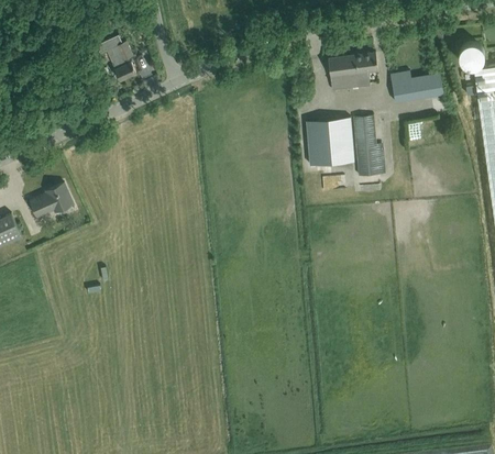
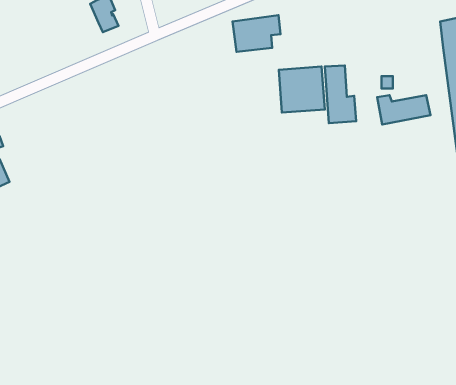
building: [328,52,378,90] -> [232,15,281,52]
building: [389,73,446,103] -> [377,95,430,124]
building: [31,182,74,217] -> none

